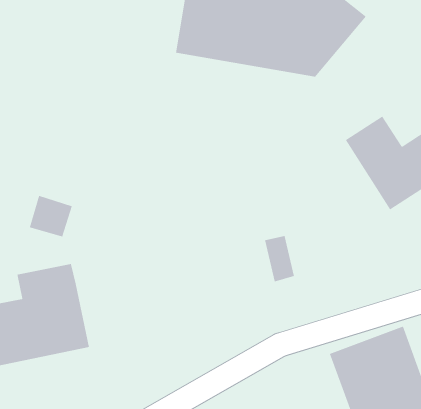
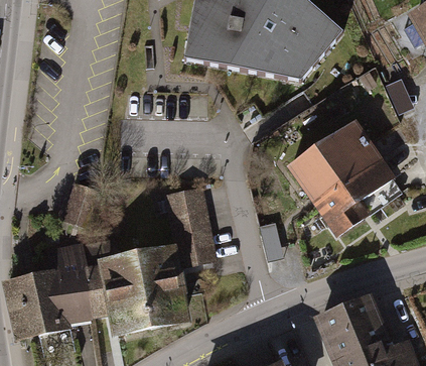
building: none -> [286,138,371,235]
building: none -> [102,182,215,329]

